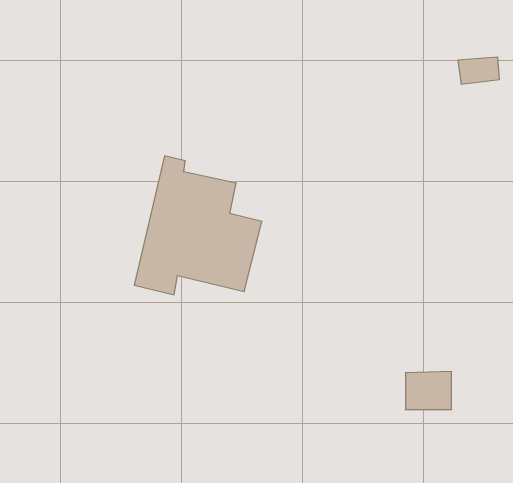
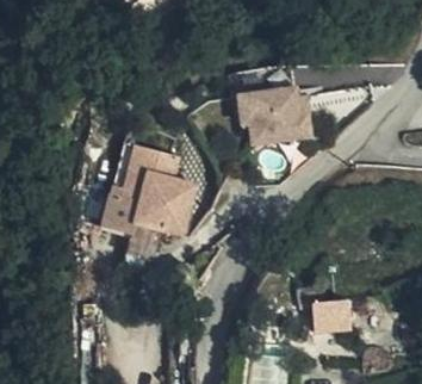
building: none -> [235,85,308,141]

